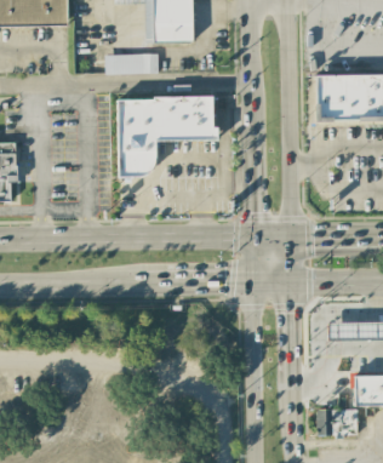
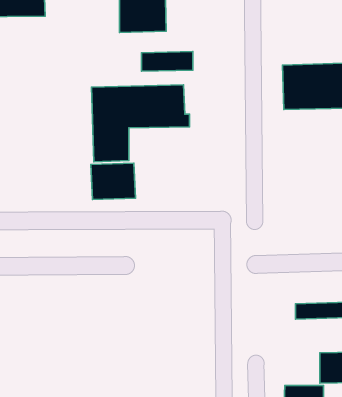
building: [107,53,160,74] -> [142,52,193,71]
building: none -> [91,163,135,200]

